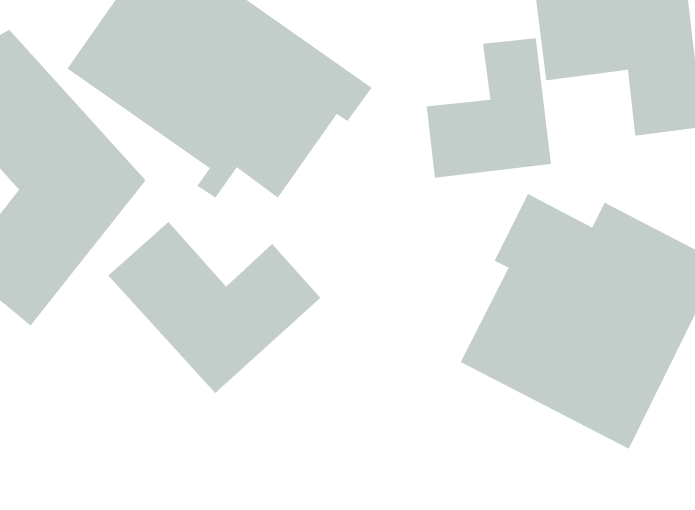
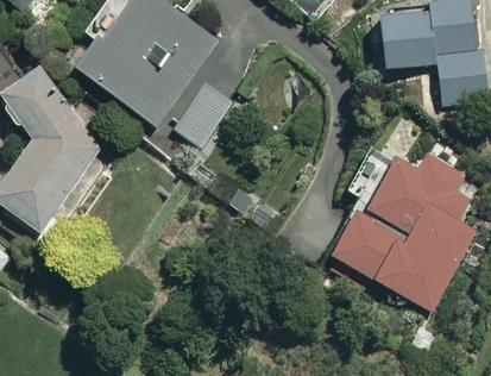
building: [426,37,551,179] -> none
building: [108,221,321,394] -> none

